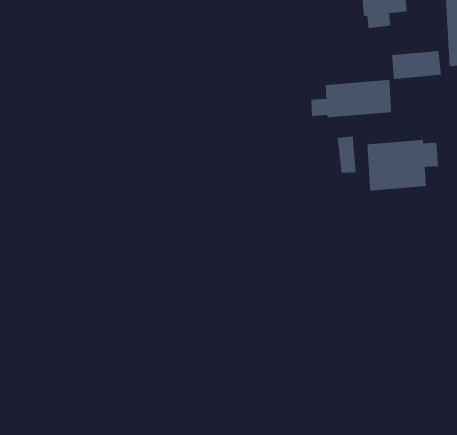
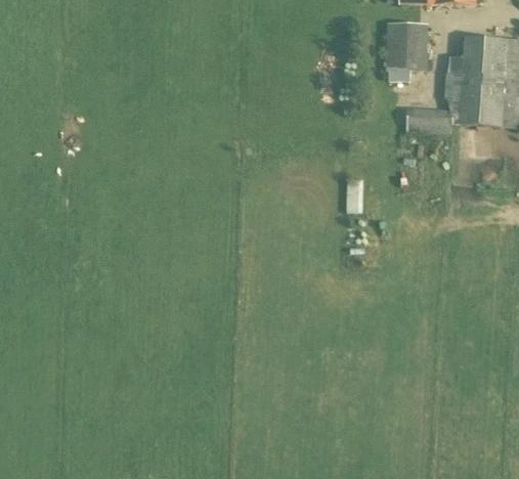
building: [311,79,392,118] -> none
building: [367,139,438,191] -> none

